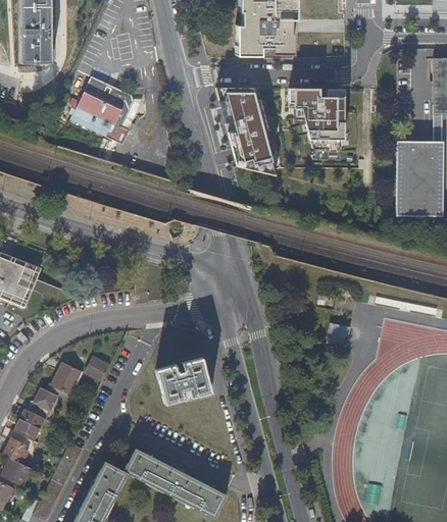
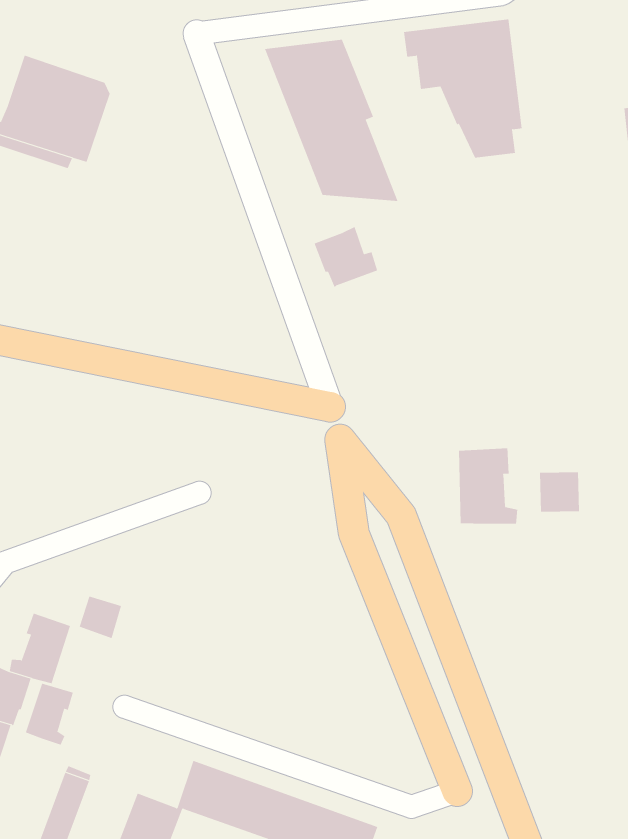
building: none -> [314,226,378,288]
building: none -> [458,448,518,525]
building: [155,358,210,405] -> none
building: none -> [25,683,74,746]

